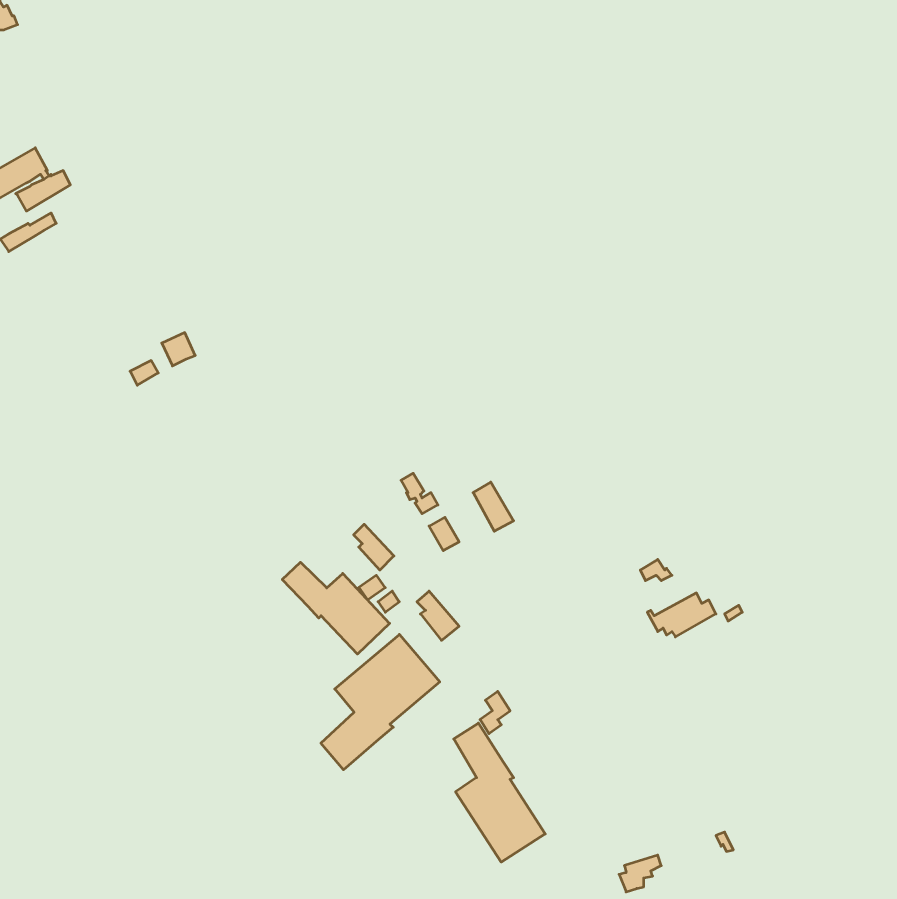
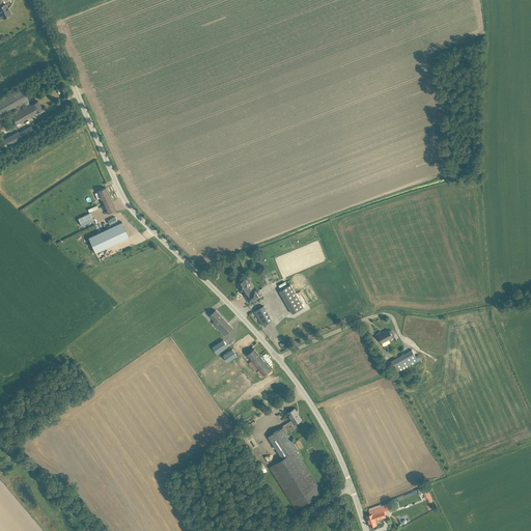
building: none -> [87,222,128,252]
building: [282,562,390,654] -> none
building: [321,634,440,770] -> none

